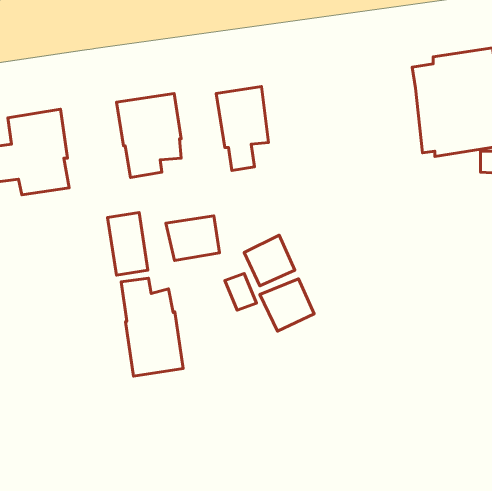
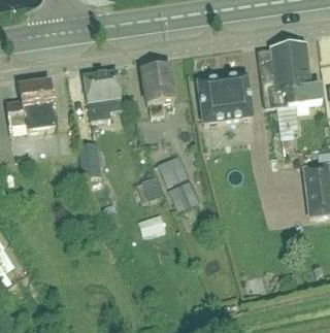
building: none -> [196,73,251,122]
building: [166,216,219,260] -> none
building: [121,278,183,376] -> none

